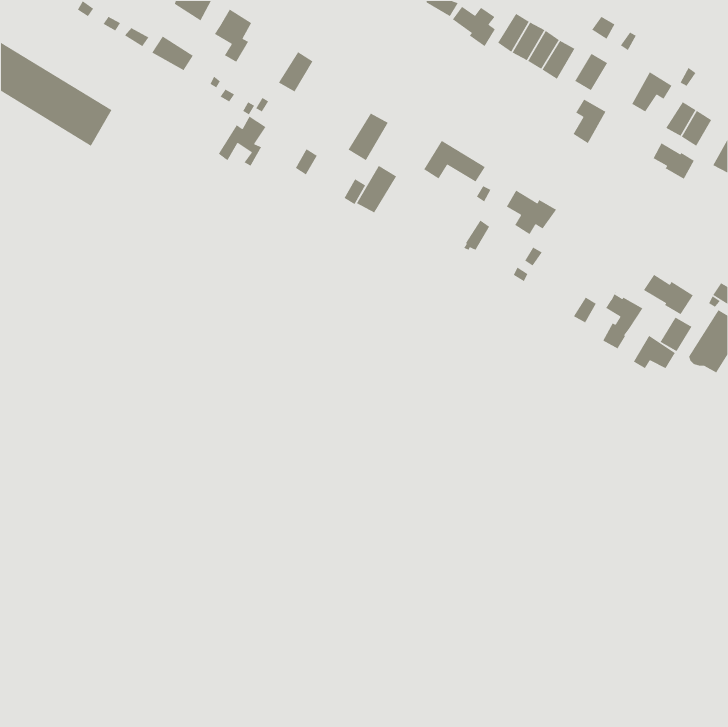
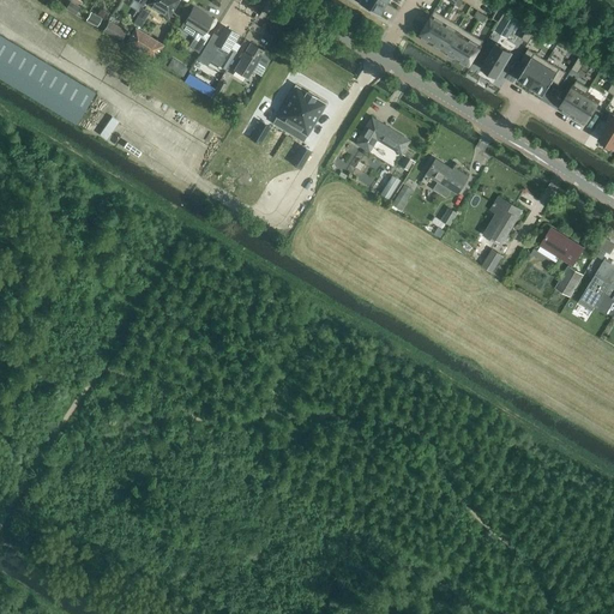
building: [452,6,496,47] -> none
building: [572,99,607,144] -> [518,50,547,89]
building: [218,115,266,167] -> [198,28,239,71]
building: [652,141,695,180] -> none
building: [356,165,397,213] -> [277,86,312,127]
building: [602,291,644,349] -> [488,197,523,246]
building: [633,335,676,369] -> none

